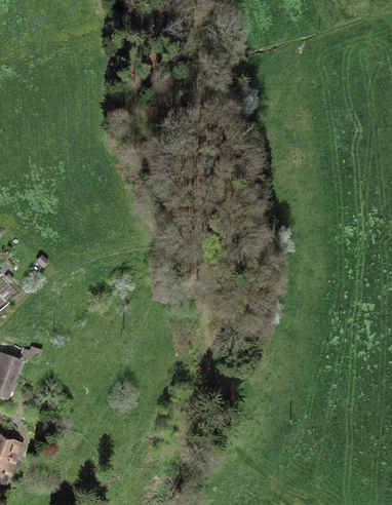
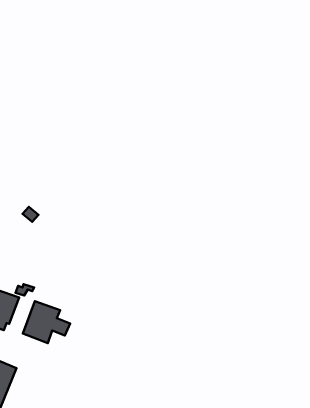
building: none -> [23,301,70,343]

